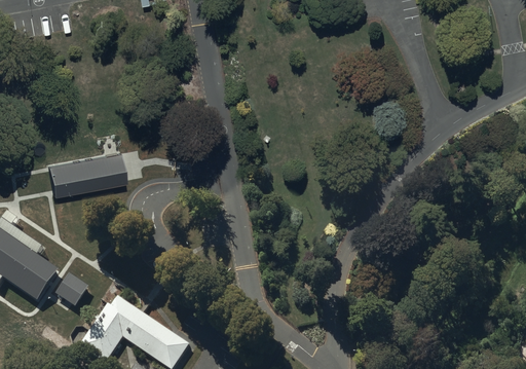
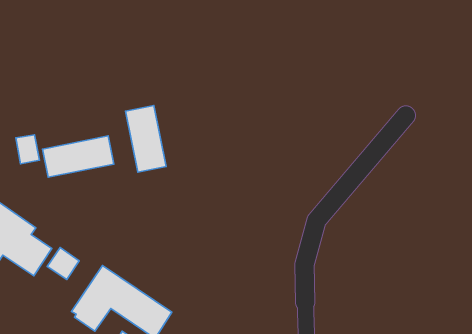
building: none -> [126,106,166,172]
building: none -> [16,135,40,164]

